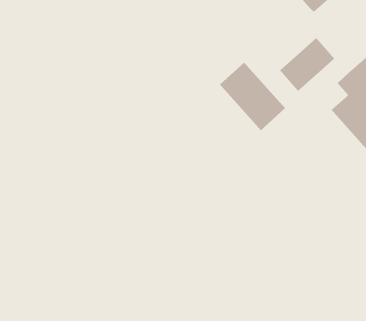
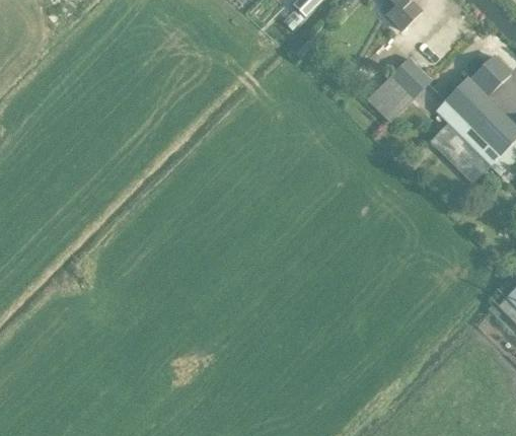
building: [219,62,286,131] -> none

